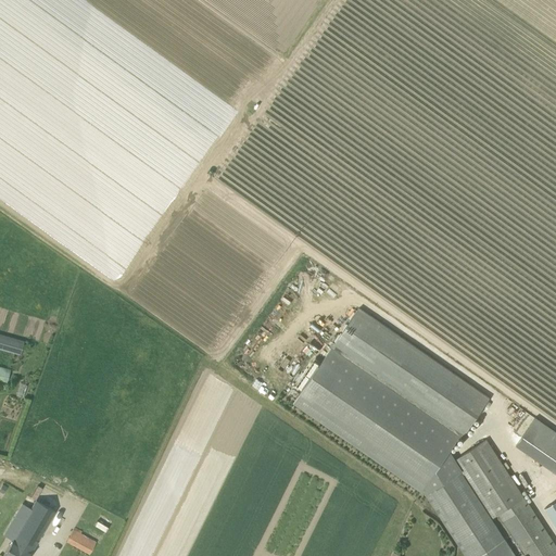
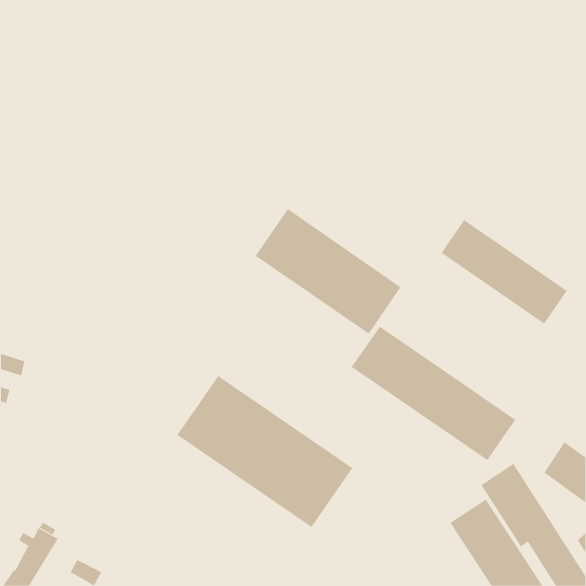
building: none -> [255,208,402,335]
building: none -> [441,219,567,324]
building: [293,348,460,492] -> [177,375,353,528]

